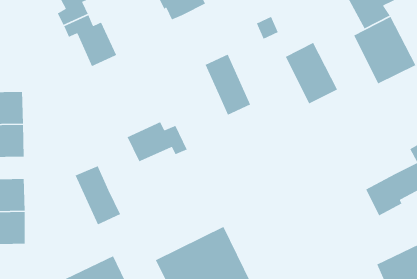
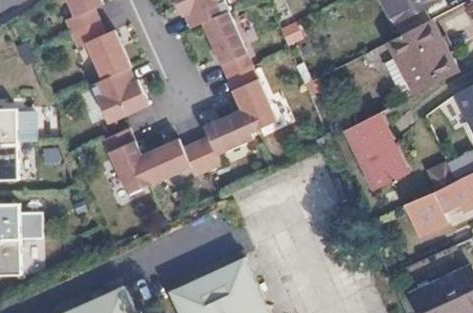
building: none -> [200,9,250,75]
building: [285,42,338,104] -> [351,127,409,195]
building: none -> [90,66,147,122]
building: none -> [193,108,252,168]
building: [74,165,121,226] -> [101,127,152,193]

